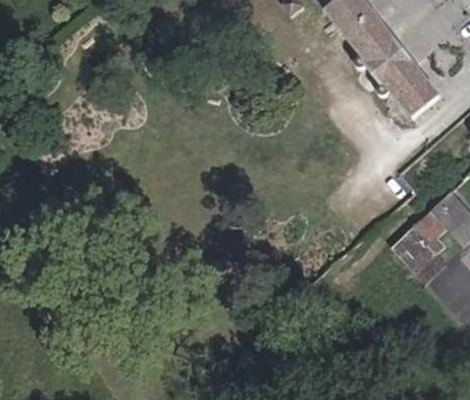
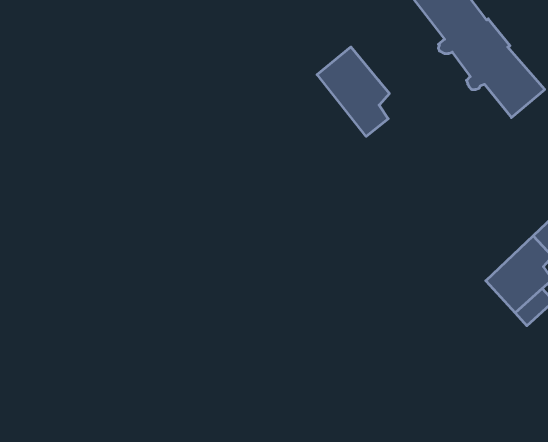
building: none -> [317,47,389,136]

